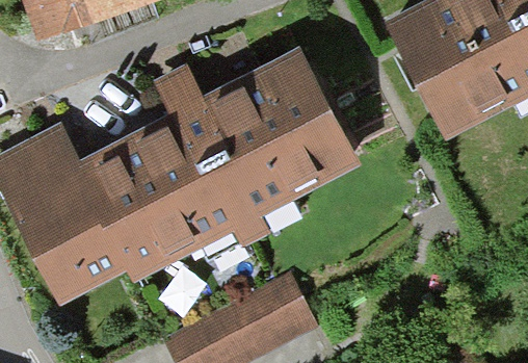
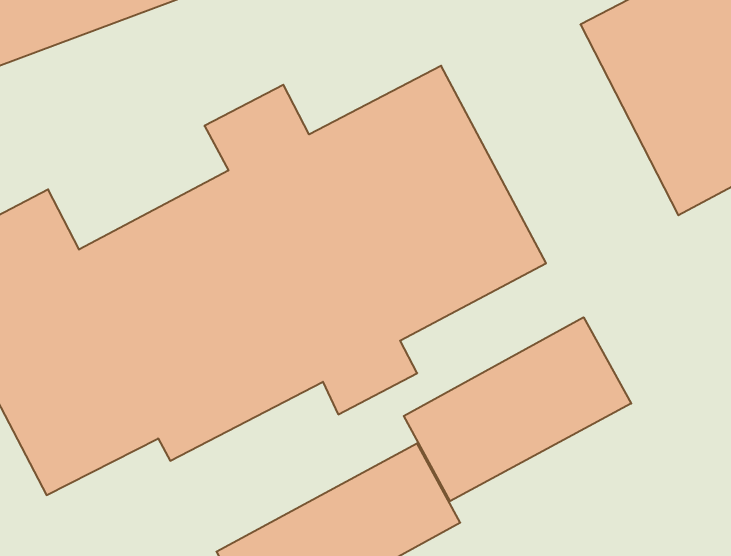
building: none -> [404,317,631,501]

